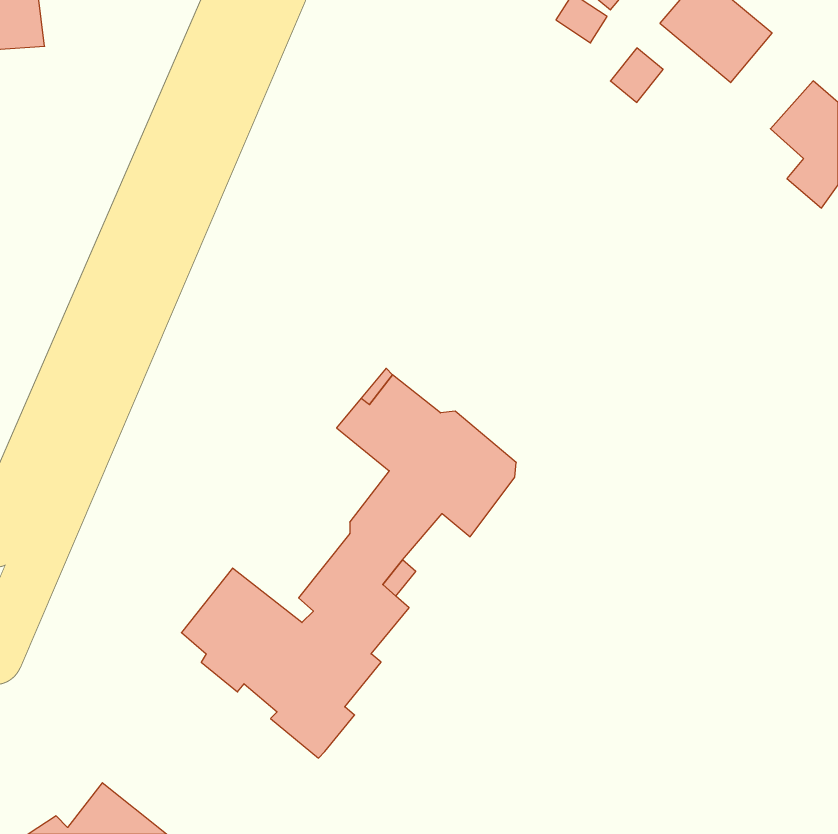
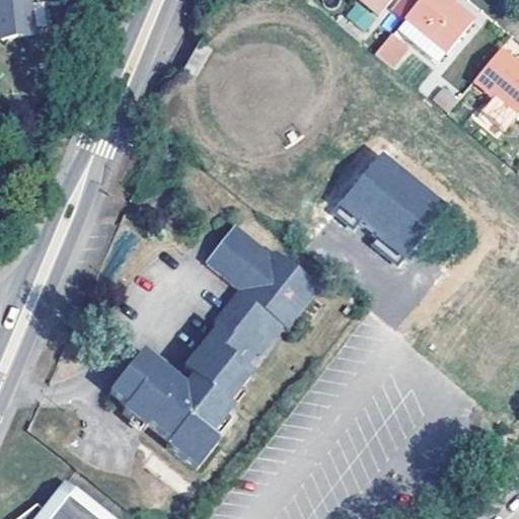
building: none -> [335,156,444,264]

